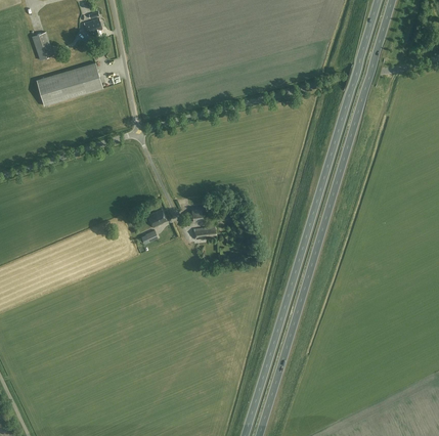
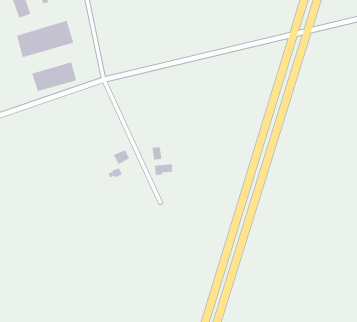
building: none -> [32,62,77,92]

